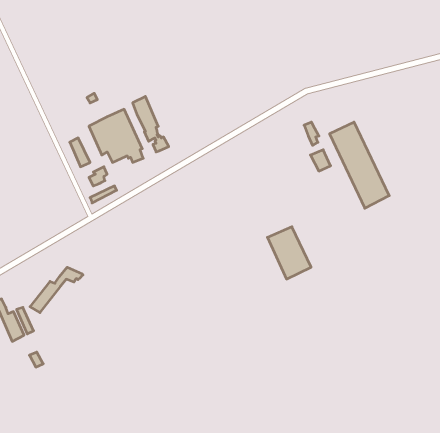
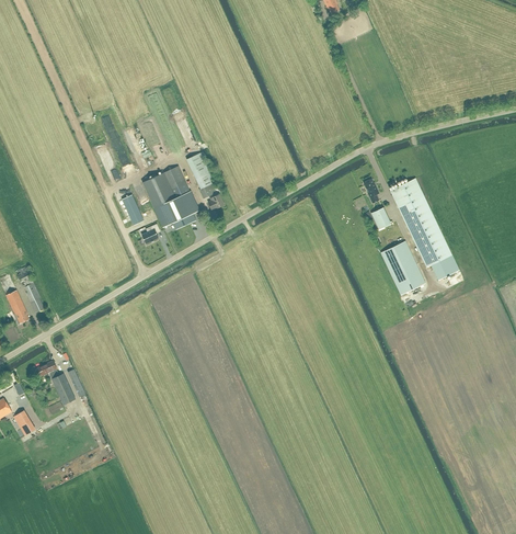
building: [267,227,311,279] -> [380,241,425,295]
building: [30,267,83,313] -> none

